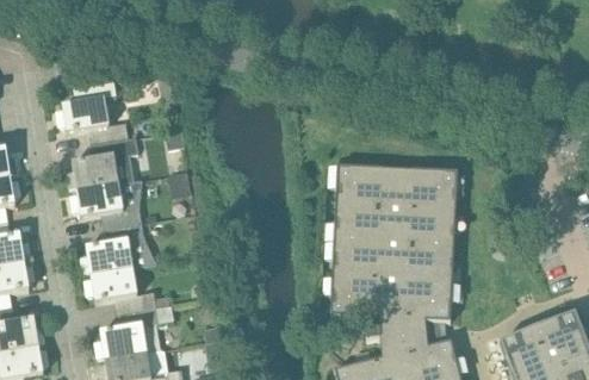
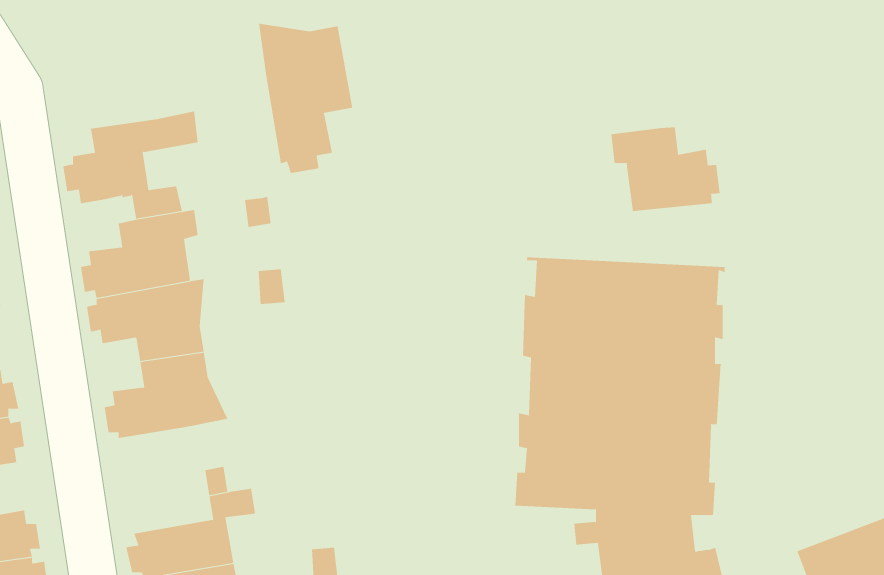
building: none -> [258,23,353,174]
building: none -> [611,127,720,212]
building: [85,267,137,301] -> none

